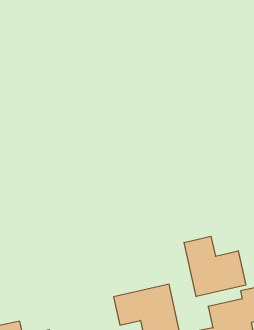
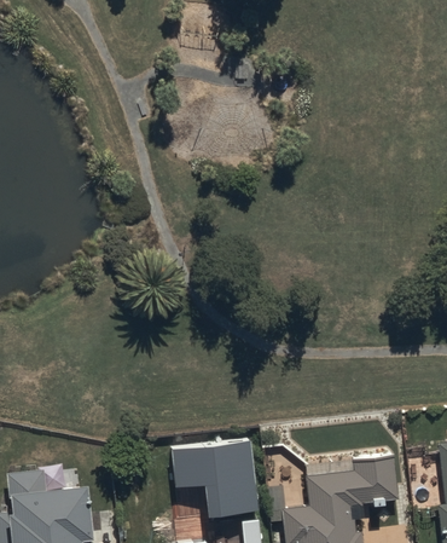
building: [184,236,246,297] -> none

